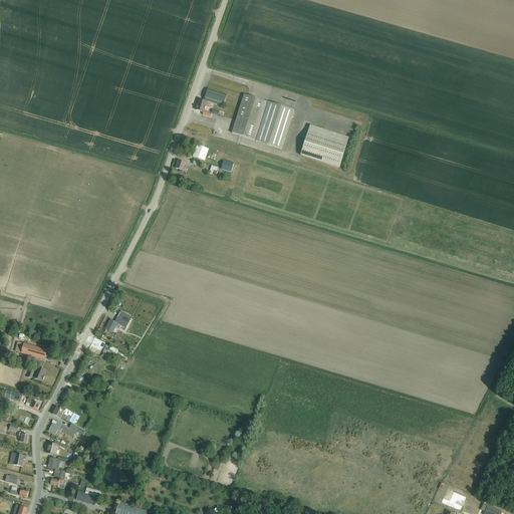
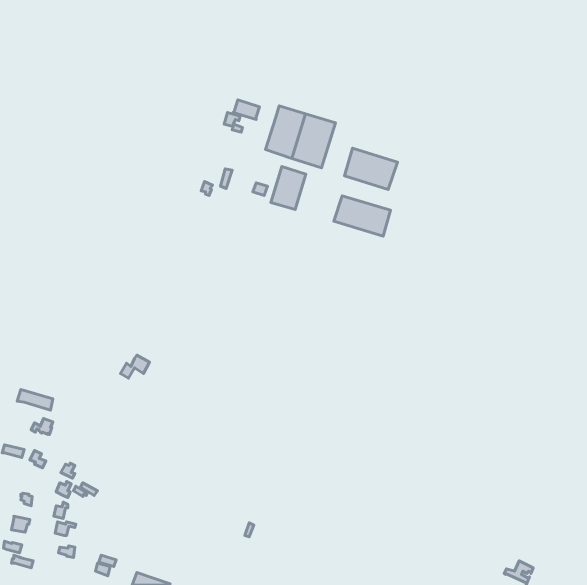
building: none -> [271,166,306,210]
building: none -> [334,196,390,236]

